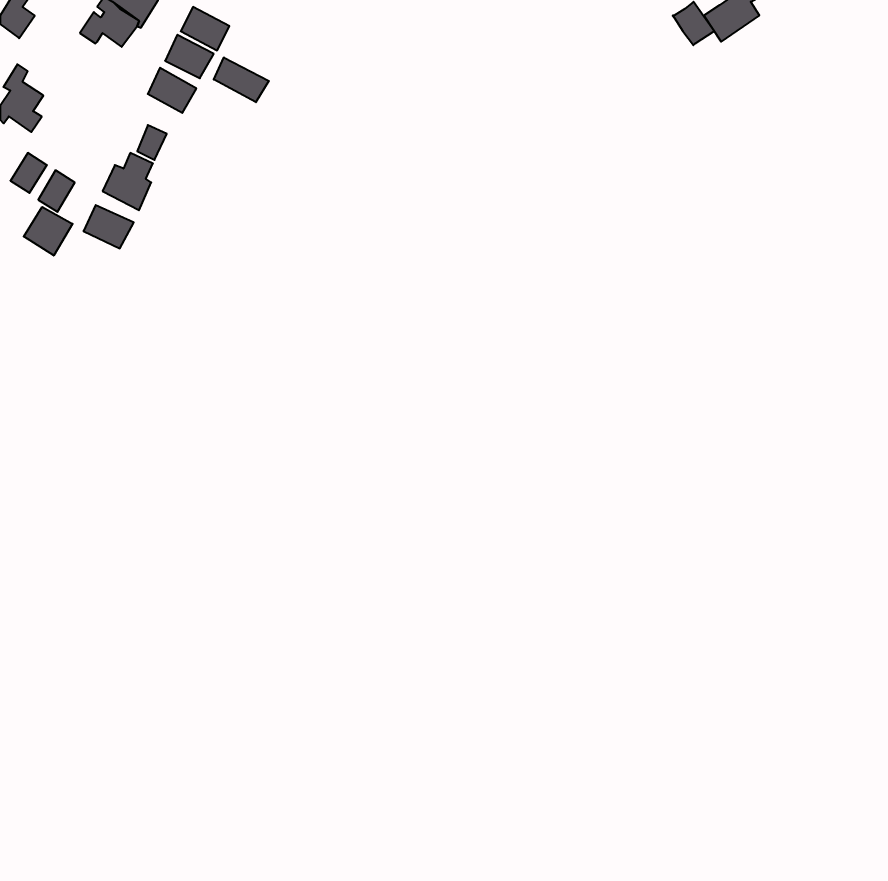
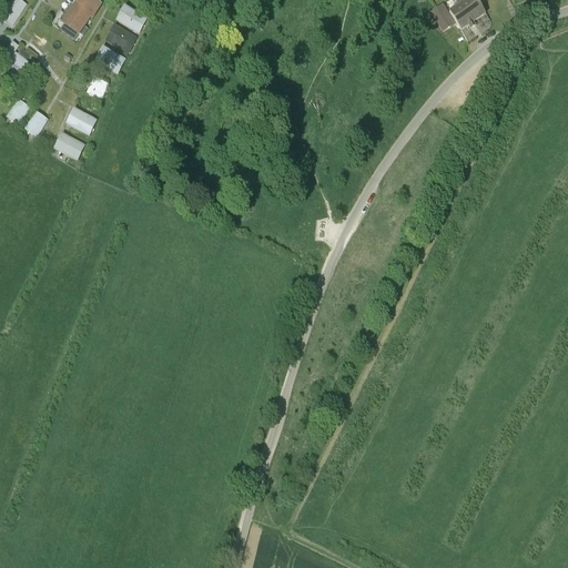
building: [214,57,269,102] -> none
building: [24,207,73,256] -> none

